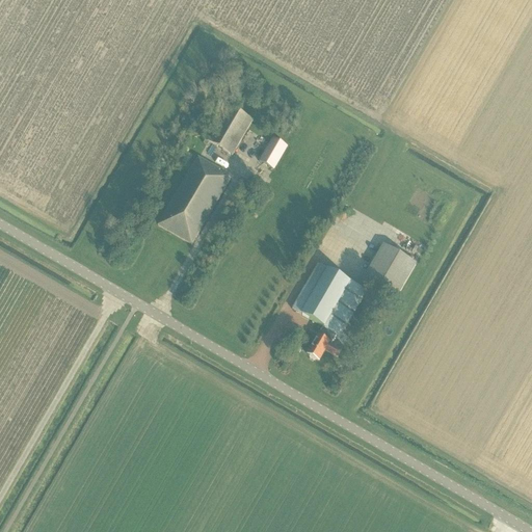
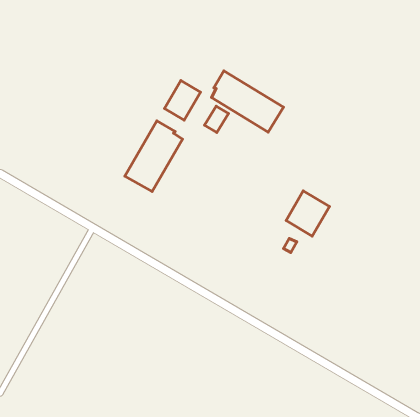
building: none -> [211,71,283,132]
building: [293,261,367,357] -> none

